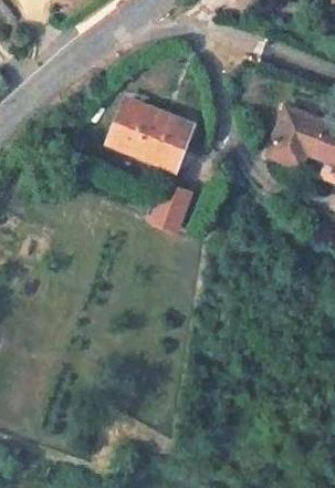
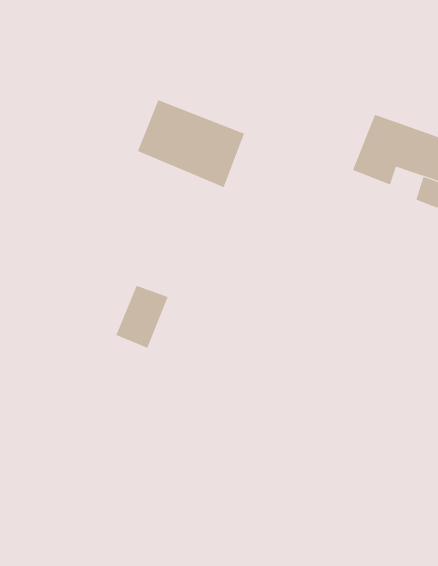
building: [149,184,189,231] -> [115,285,168,349]

